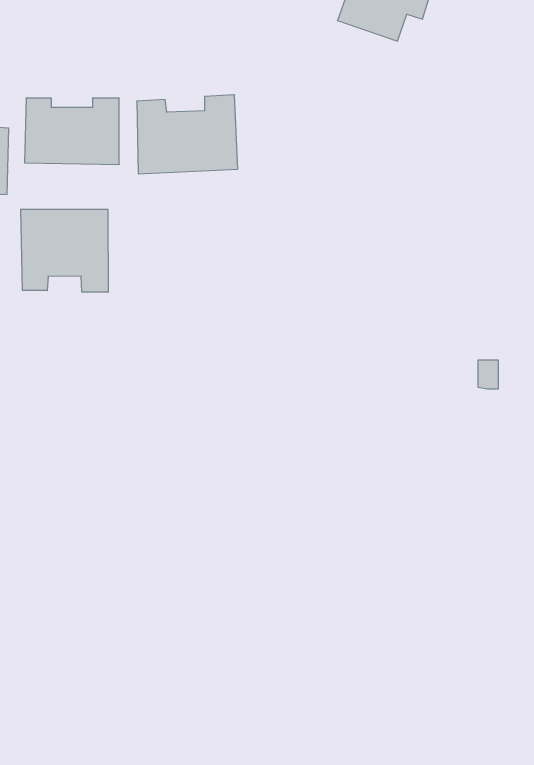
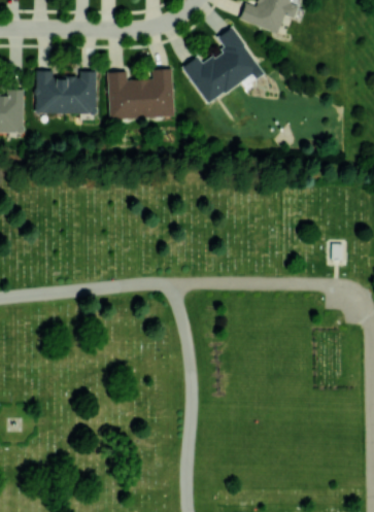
building: none -> [182,27,264,104]
building: [21,209,108,292] -> none

